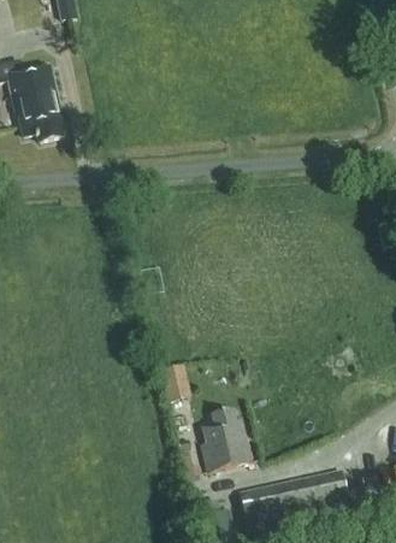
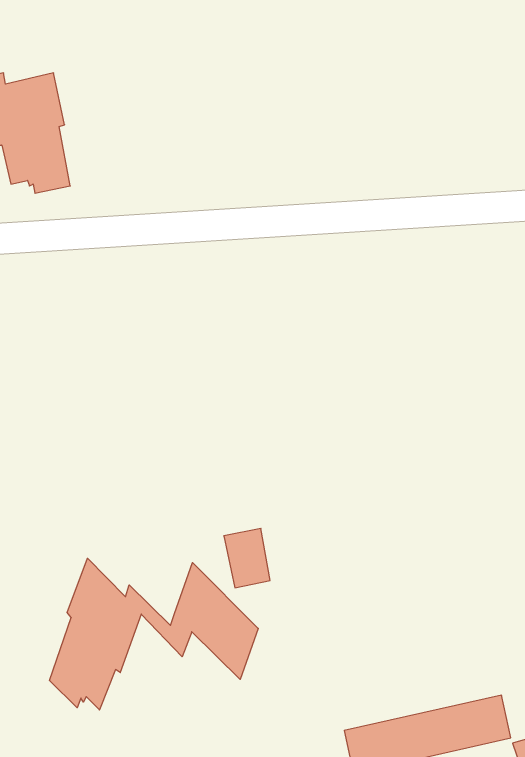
building: none -> [49,558,258,710]
building: [200,408,250,471] -> none

